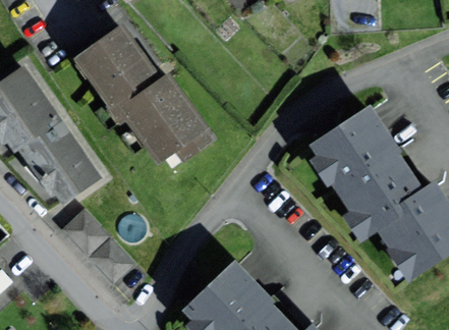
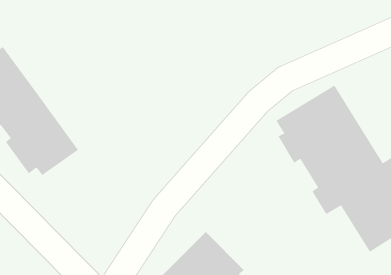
building: [75,24,215,164] -> none
building: [59,200,136,280] -> none

